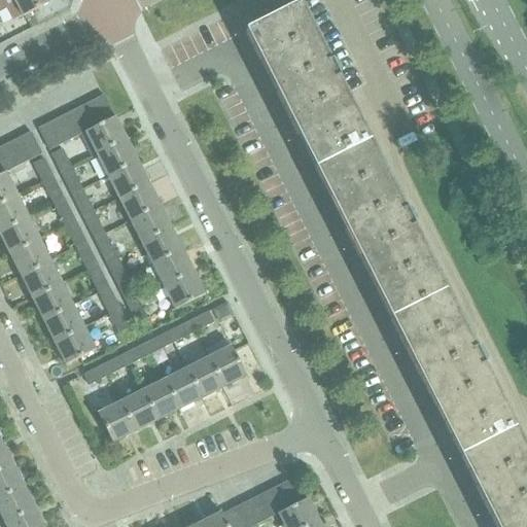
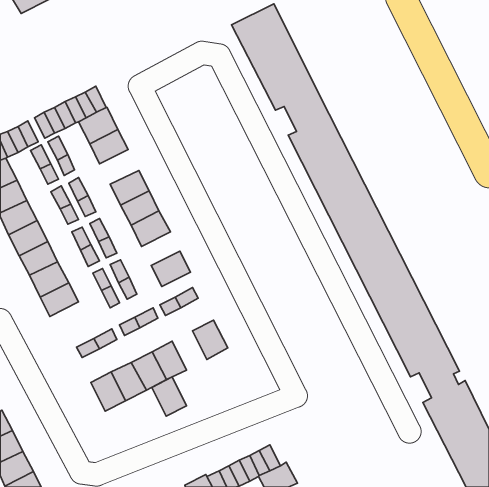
building: [107,161,149,198] -> none
building: [152,249,194,285] -> none
building: [54,324,96,362] -> none
building: [185,355,222,397] -> [152,377,186,416]

